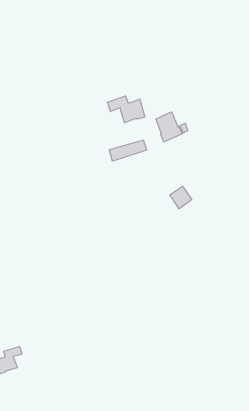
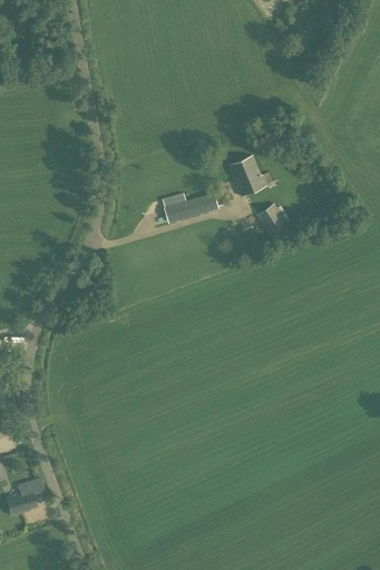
building: [108,96,145,123] -> none
building: [170,186,192,209] -> [255,204,285,235]

